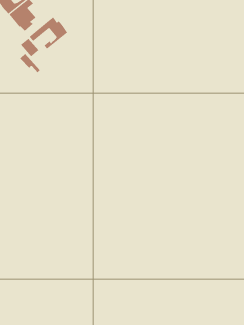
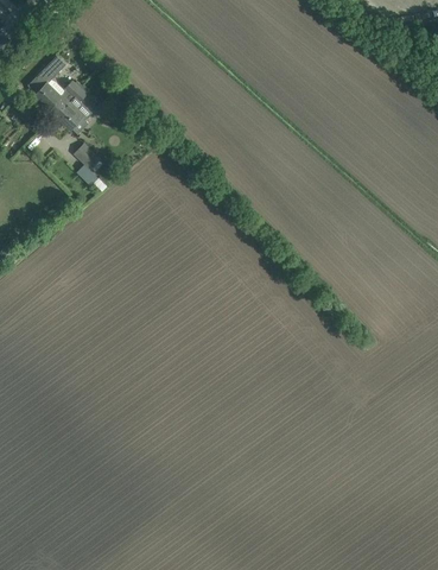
building: [29,16,68,50] -> none

